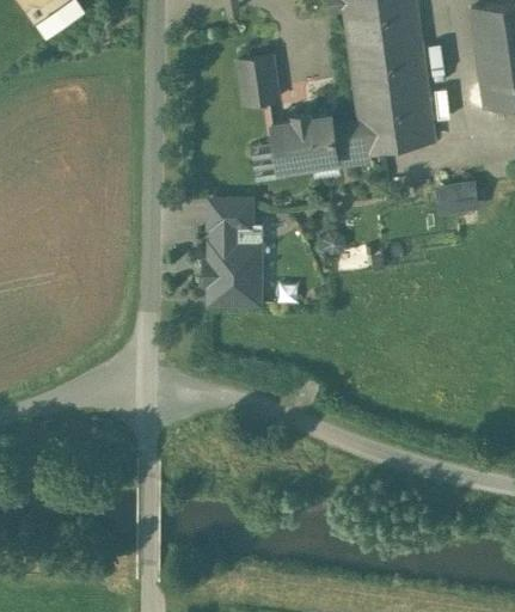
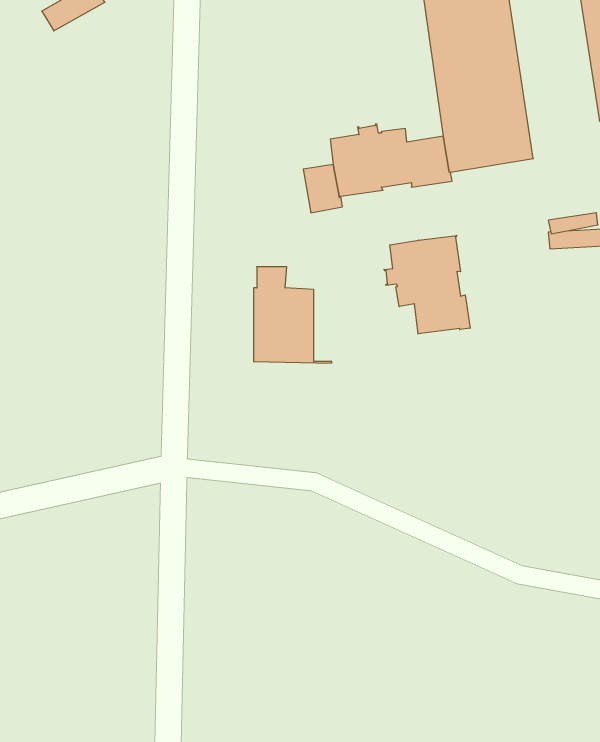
building: [238,56,278,105] -> none
building: [211,201,250,226] -> none
building: none -> [384,235,470,334]

